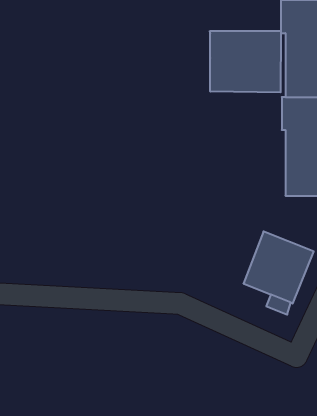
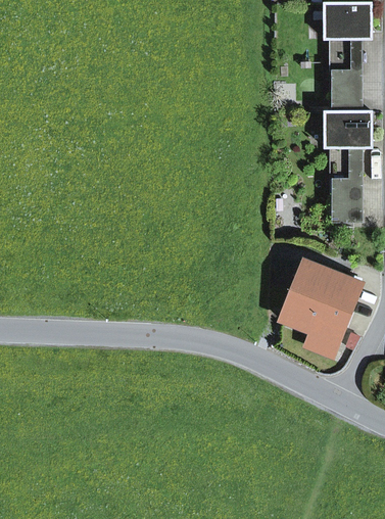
building: [210,31,281,92] -> none

